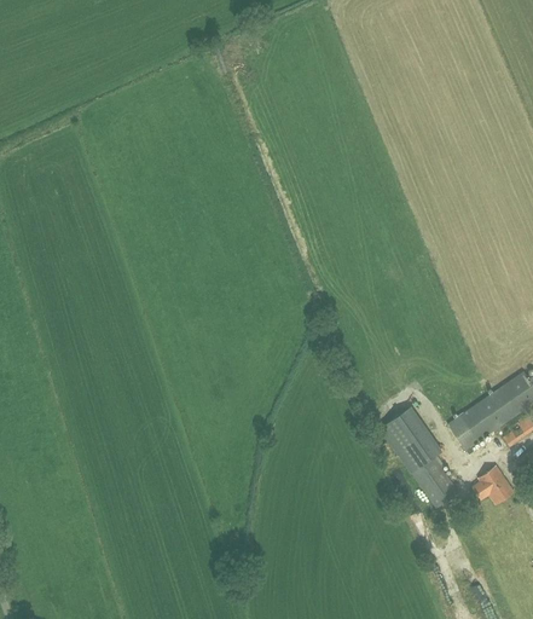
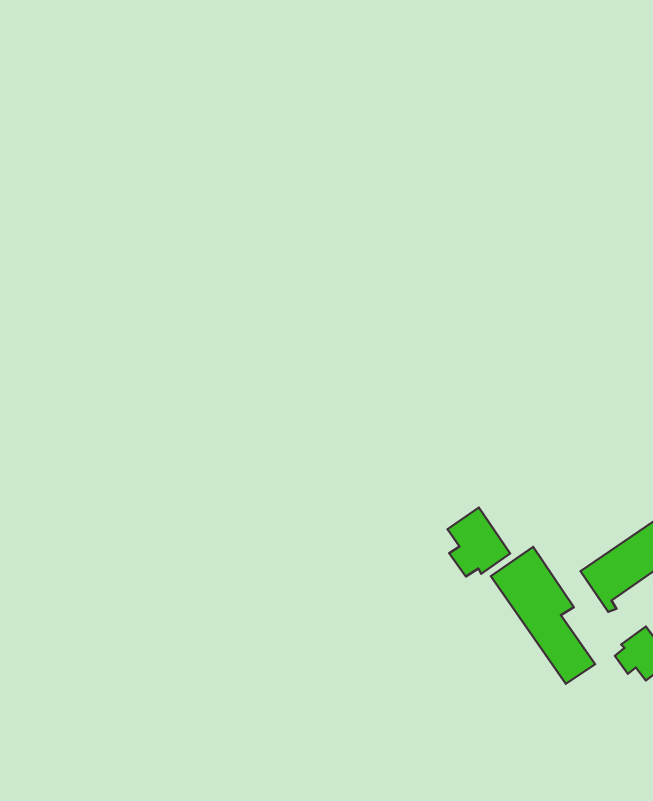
building: none -> [448,508,510,576]

